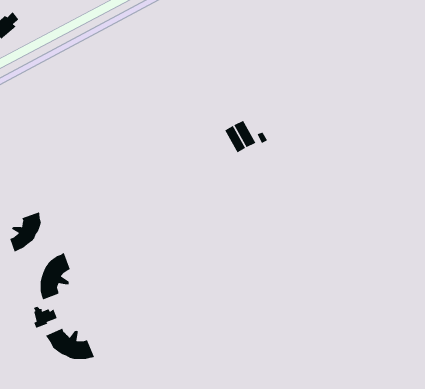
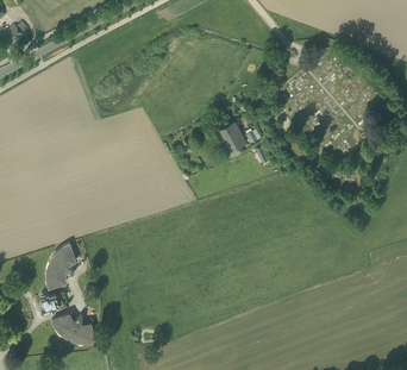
building: [9,211,42,253] -> none

